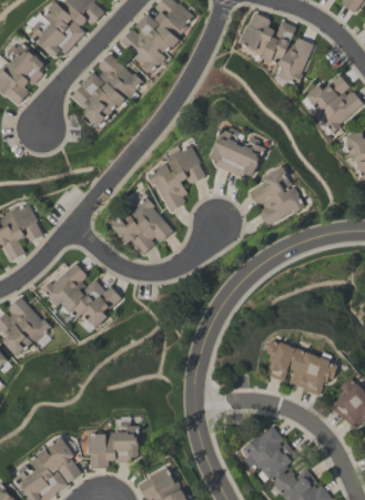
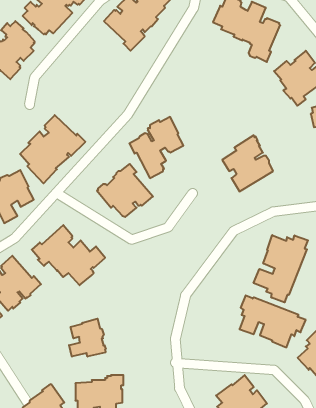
building: [71,53,142,127] -> [20,115,85,183]
building: [212,126,267,176] -> none
building: none -> [254,235,308,302]
building: none -> [69,319,106,357]

